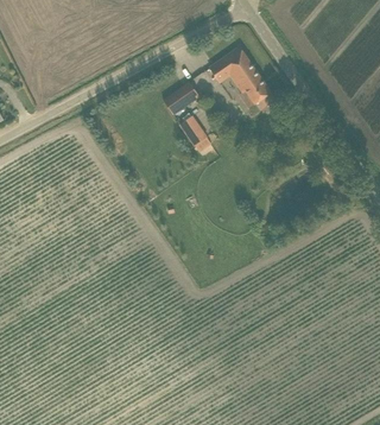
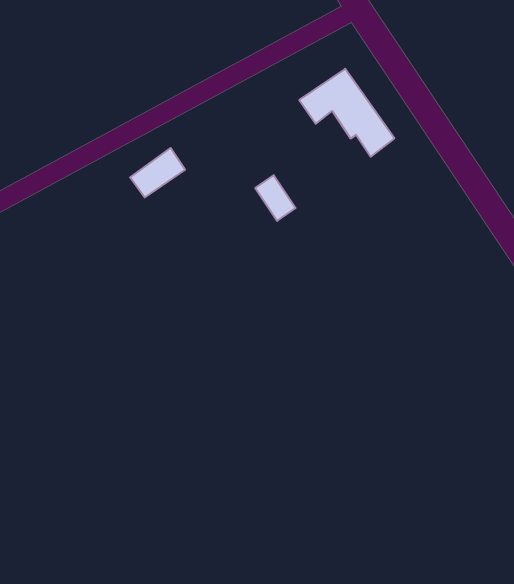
building: [162,80,197,112] -> [130,148,185,197]

